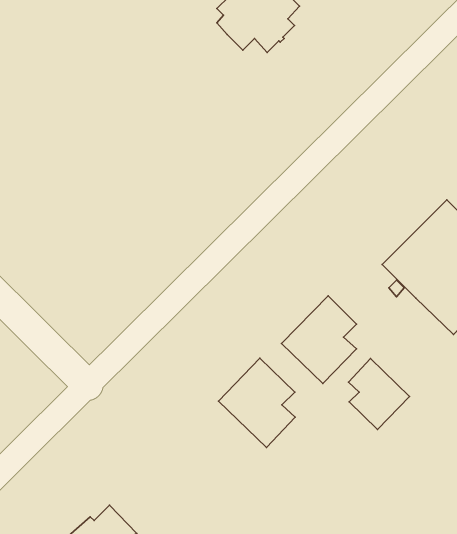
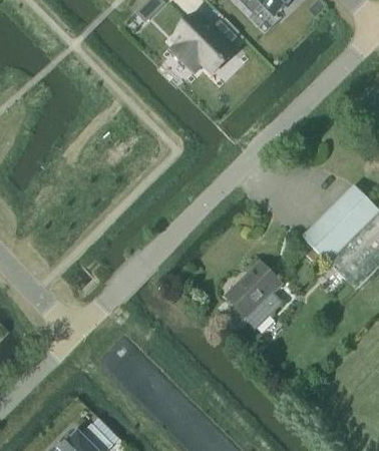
building: [218,358,295,448] -> none
building: [348,359,410,430] -> none

